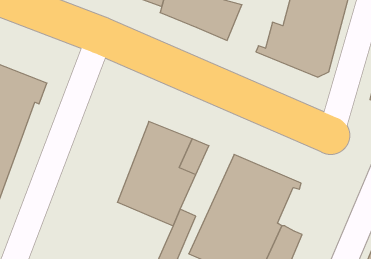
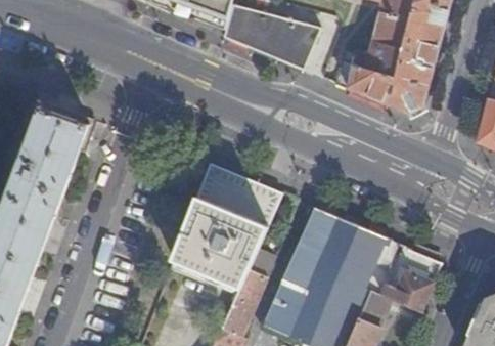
building: none -> [384,253,442,313]

